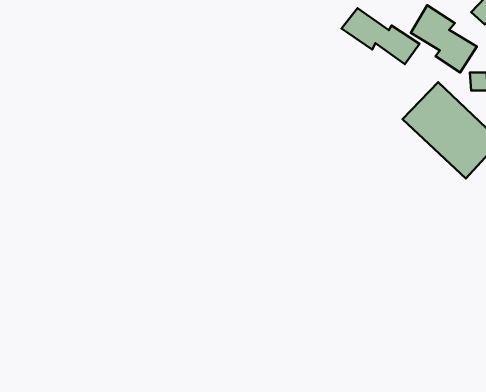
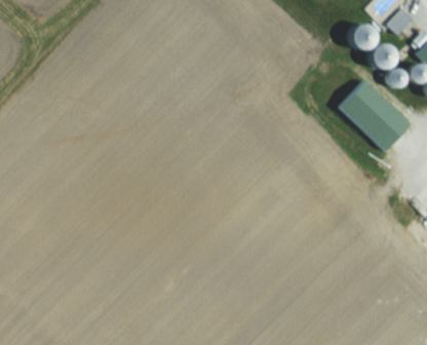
building: [342,8,419,64] -> none

